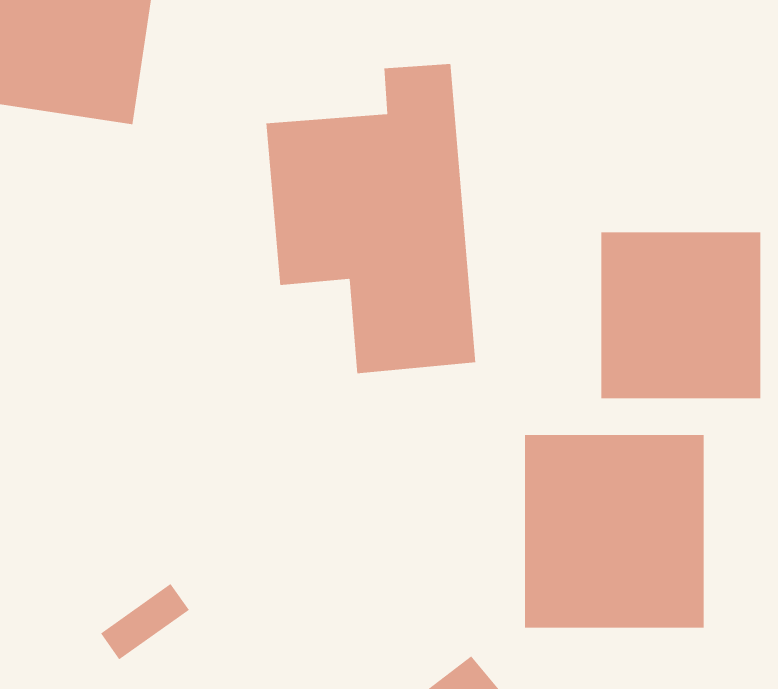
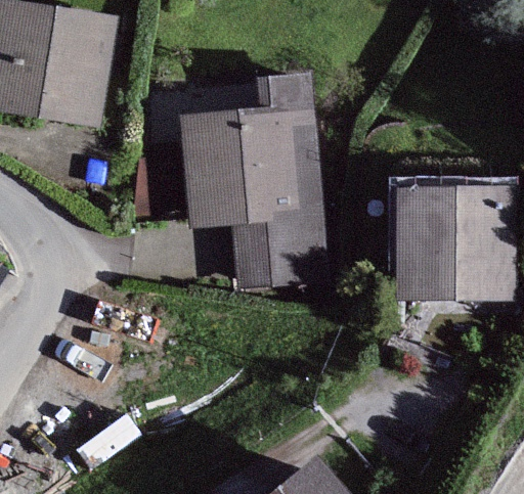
building: [524,434,704,628] -> none

